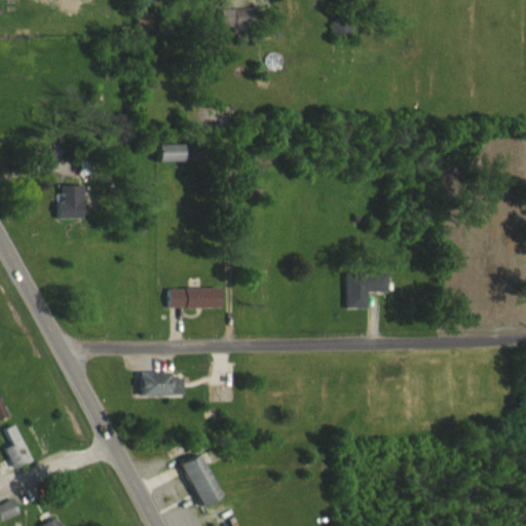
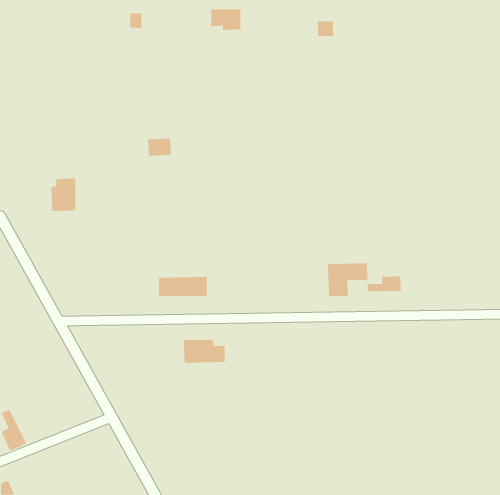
building: none -> [367,275,401,292]
building: [141,372,185,397] -> [183,339,225,363]
building: [181,454,222,508] -> none

